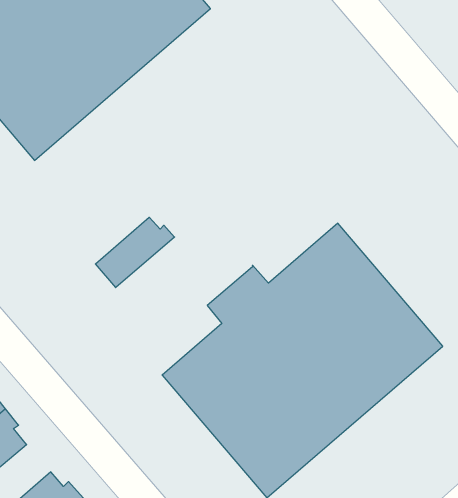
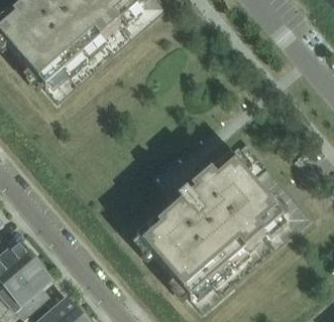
building: [95,217,175,288] -> none

